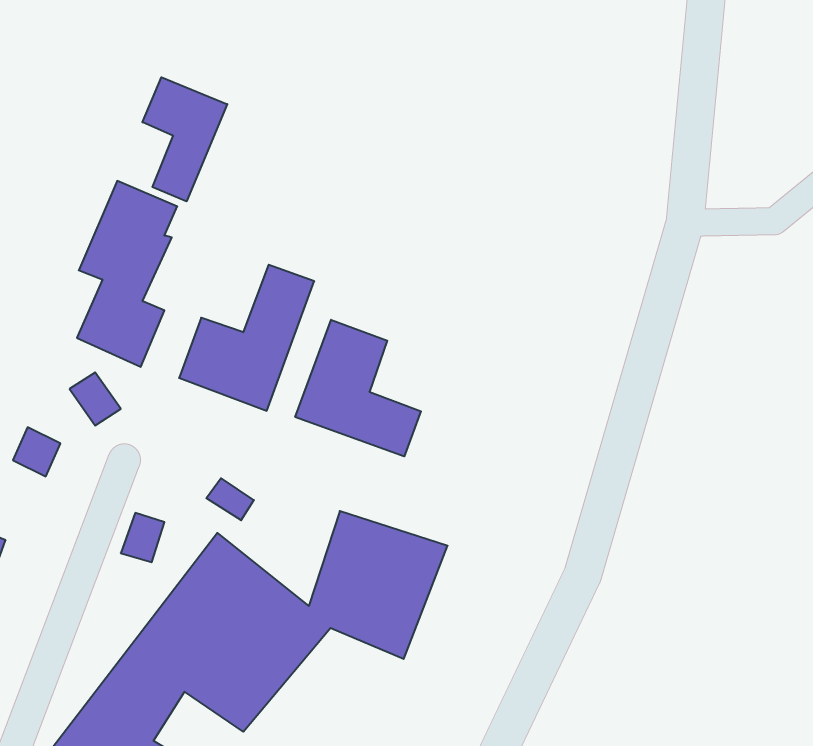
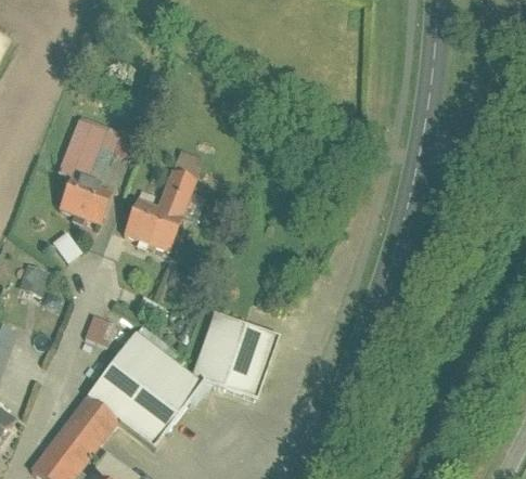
building: [142,77,227,201] -> none
building: [295,320,421,456] -> none

